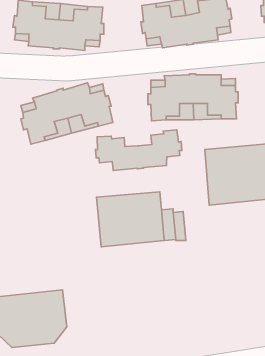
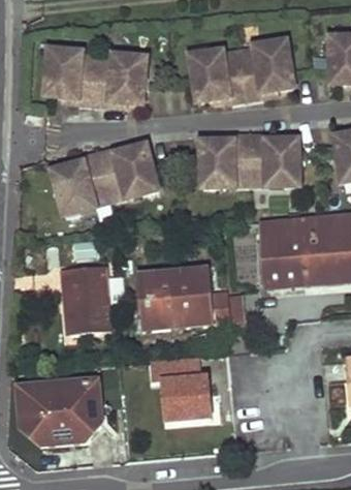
building: [96,130,182,171] -> none
building: none -> [59,264,113,334]
building: none -> [147,356,210,422]

